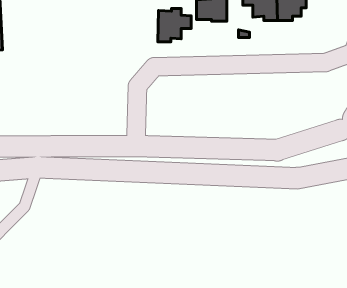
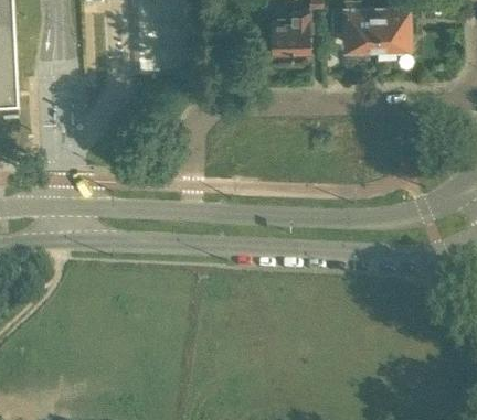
building: [158,8,191,42] -> none

